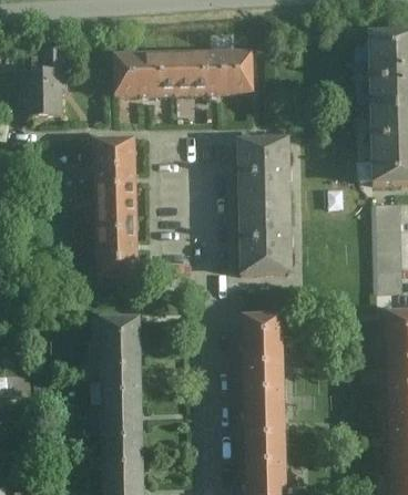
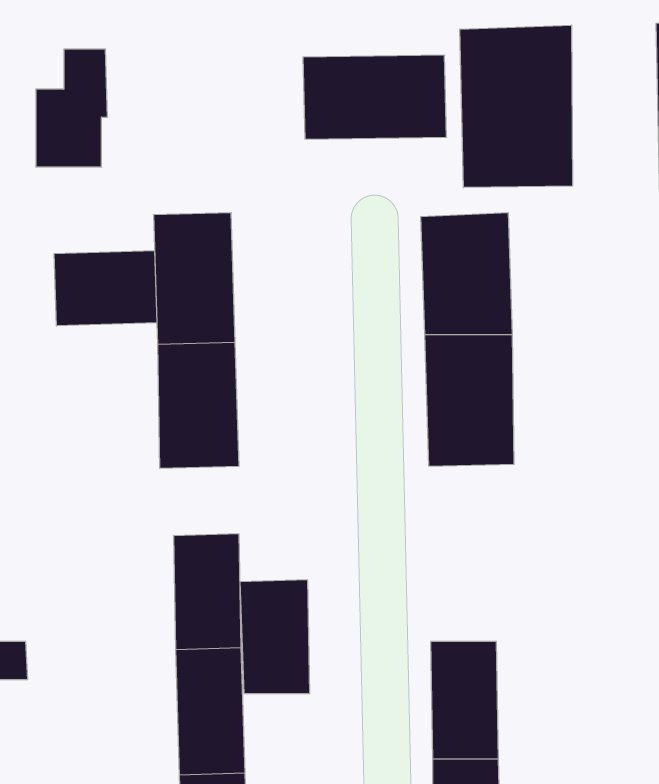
building: none -> [460,25,573,188]
building: [115,51,175,97] -> none
building: none -> [54,251,157,326]
building: [243,312,282,375] -> [240,580,310,694]

